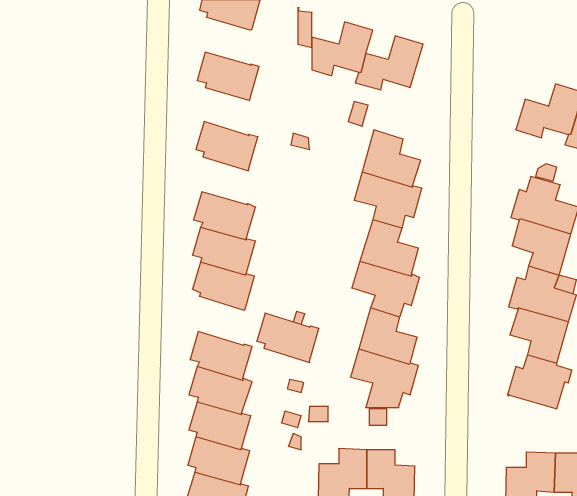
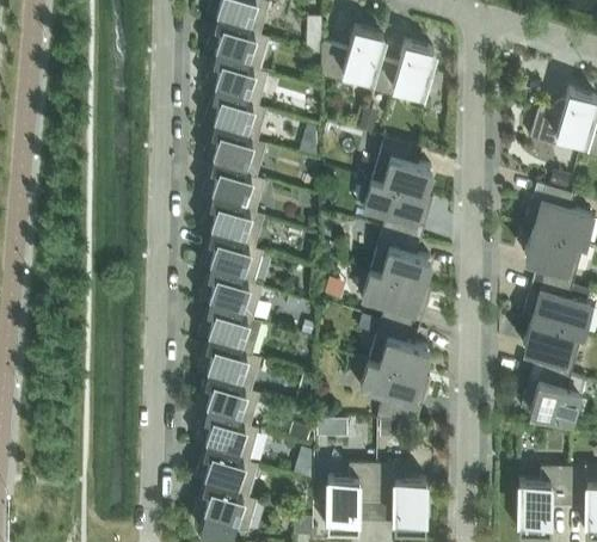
building: none -> [205,23,269,72]
building: none -> [203,94,267,143]
building: none -> [202,165,265,214]
building: [257,313,319,362] -> [198,307,261,357]

